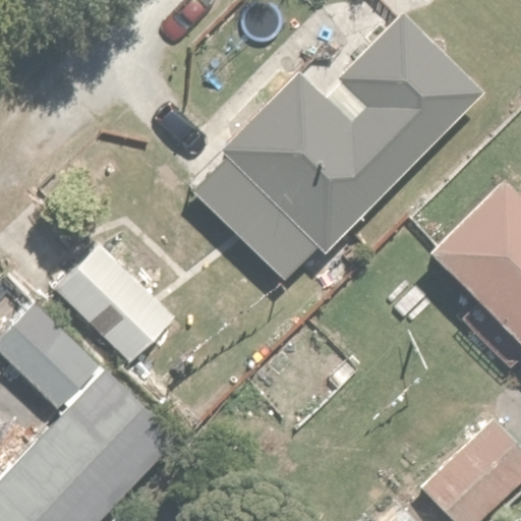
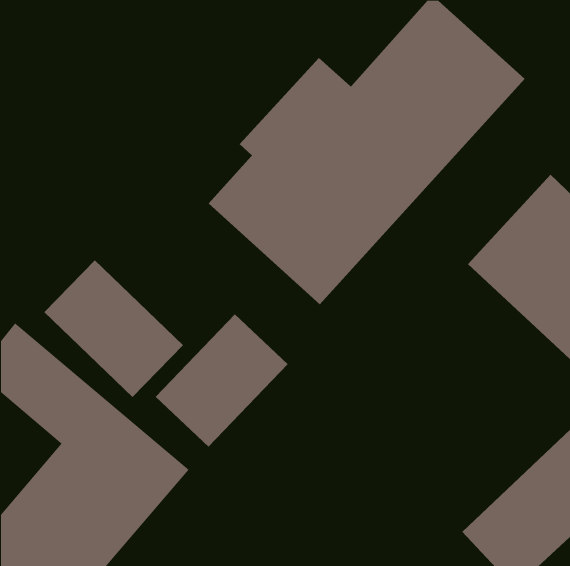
building: none -> [155,313,288,447]

